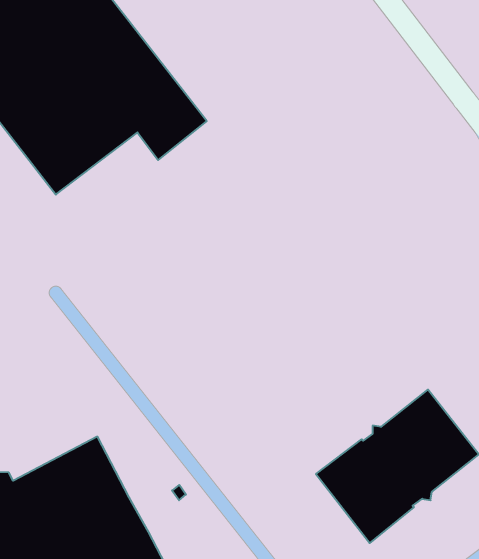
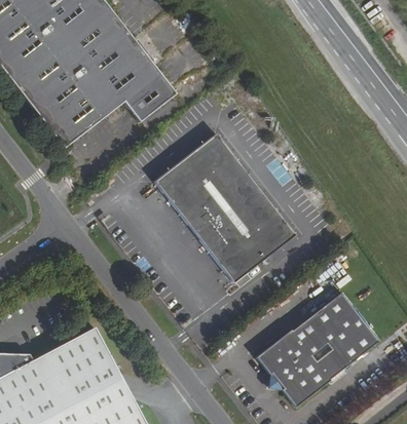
building: none -> [154,133,295,283]

